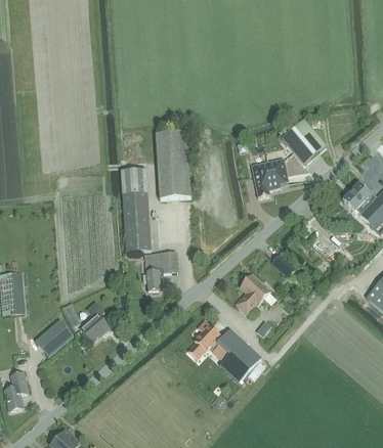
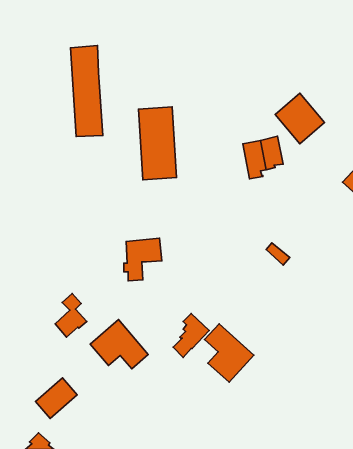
building: [121,168,151,251] -> [70,46,103,137]
building: [236,273,269,313] -> none
building: [35,319,73,356] -> [36,378,77,418]
building: none -> [90,320,148,369]

